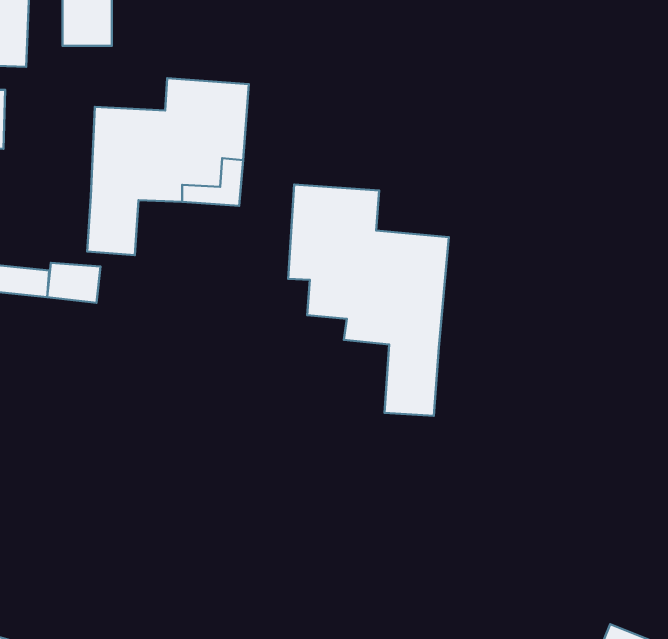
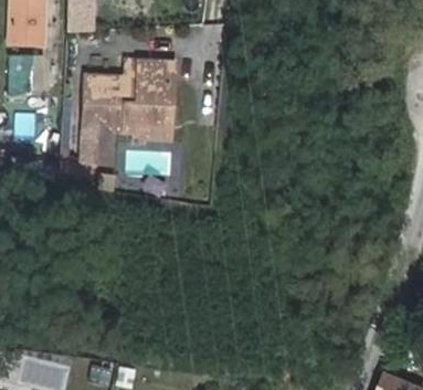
building: [288,185,449,416] -> none

